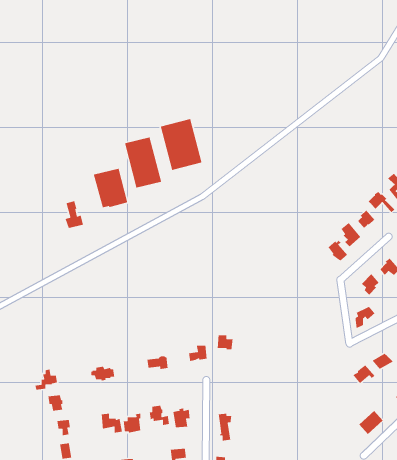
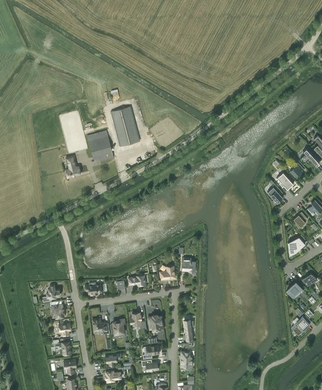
building: [160,118,202,171] -> none

